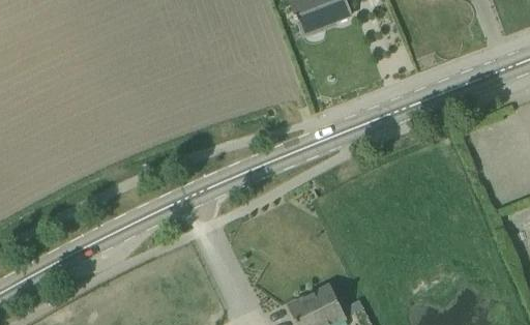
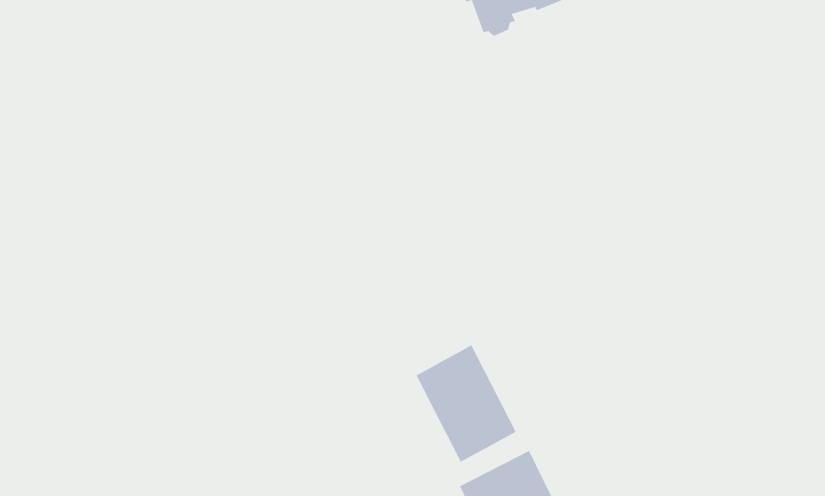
building: none -> [416,345,516,463]

